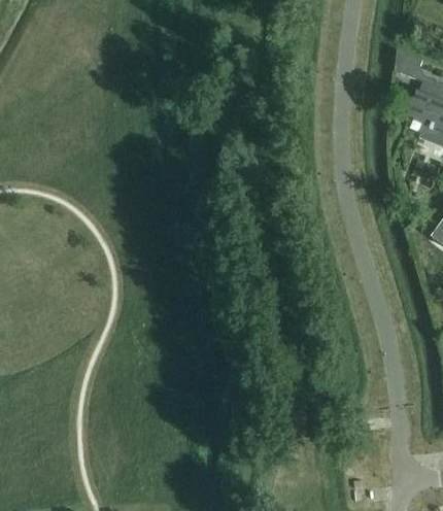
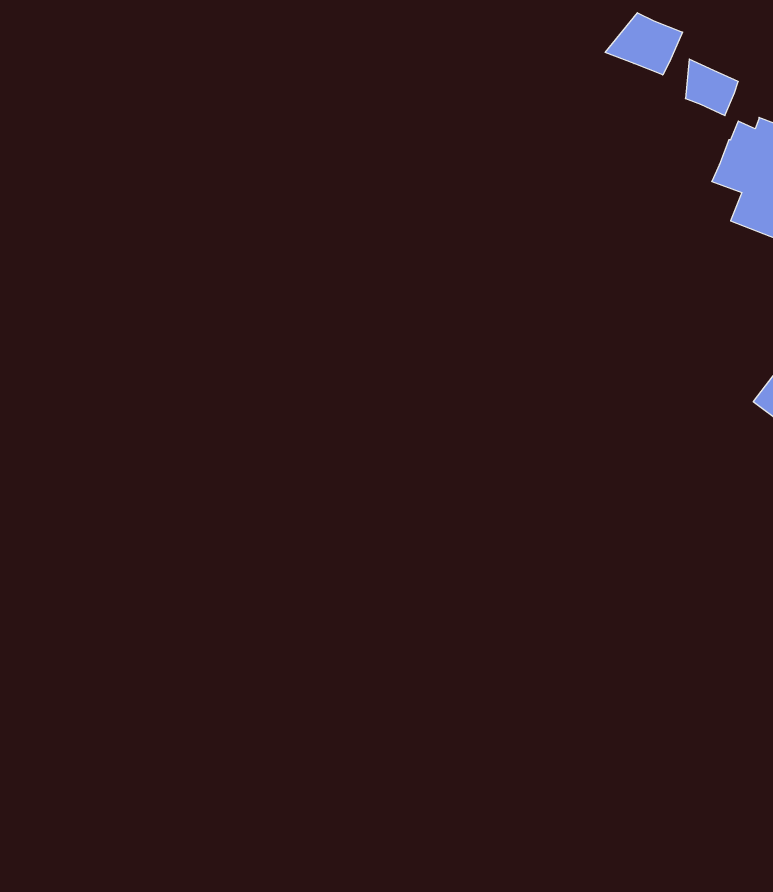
building: none -> [605,13,683,75]

